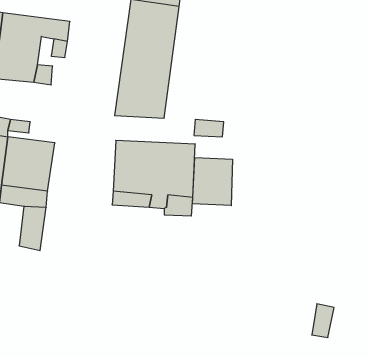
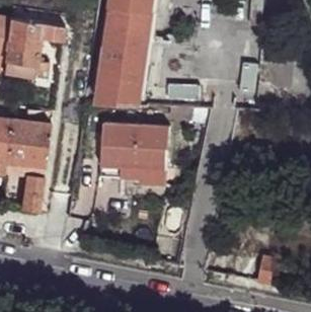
building: [192,158,232,206] -> none

